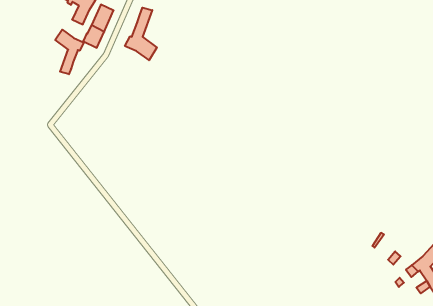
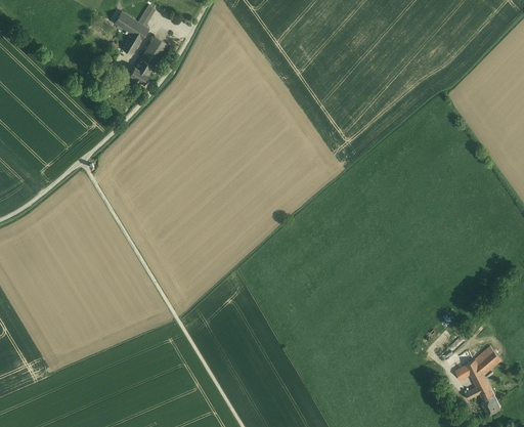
building: [125,8,157,60] -> none
building: [55,30,84,74] -> none

